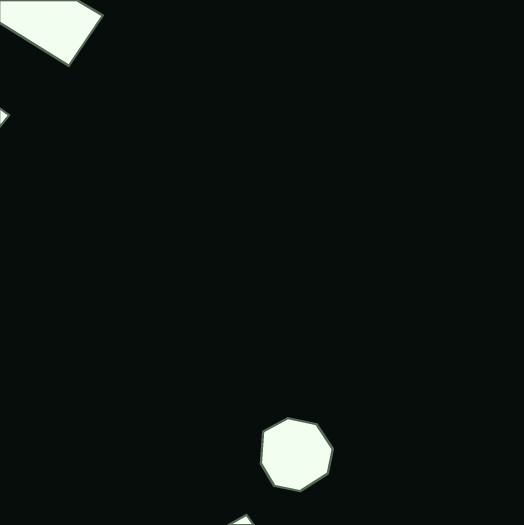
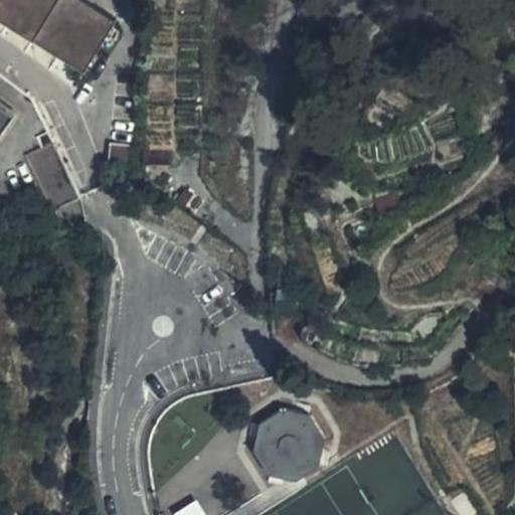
building: none -> [28,141,78,207]

